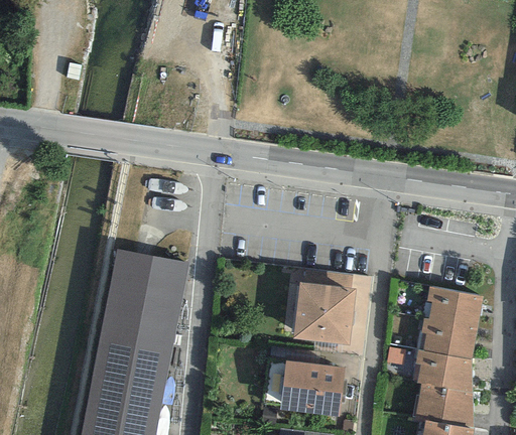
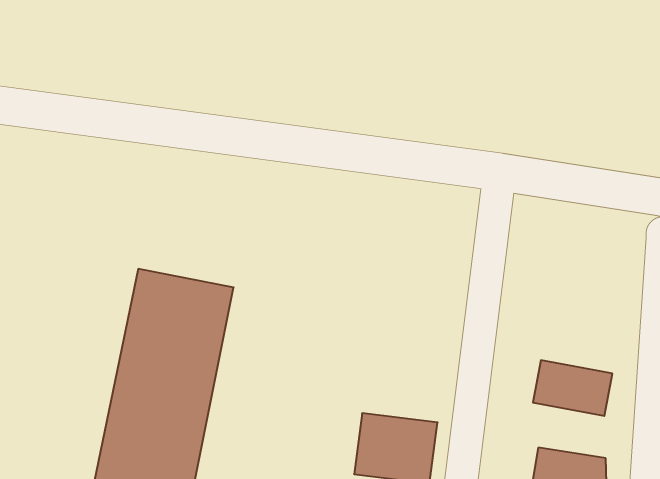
building: [293,281,355,341] -> none
building: [423,288,483,328] -> none
building: [414,350,473,393] -> none

